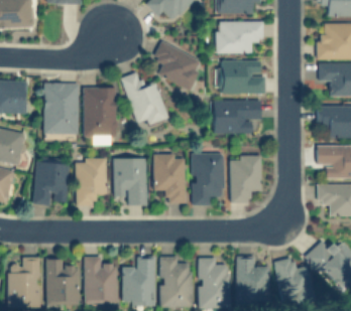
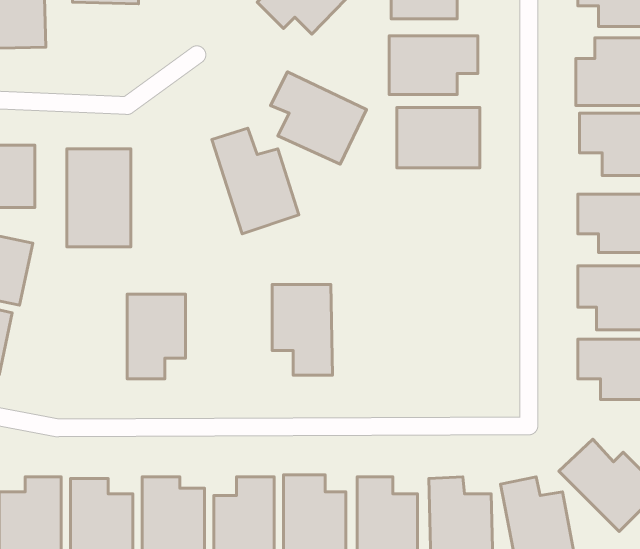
building: [83,87,117,137] -> none
building: [213,100,260,133] -> none
building: [192,153,224,205] -> none
building: [229,156,261,204] -> none
building: [113,159,147,205] -> none
building: [33,161,69,206] -> none

